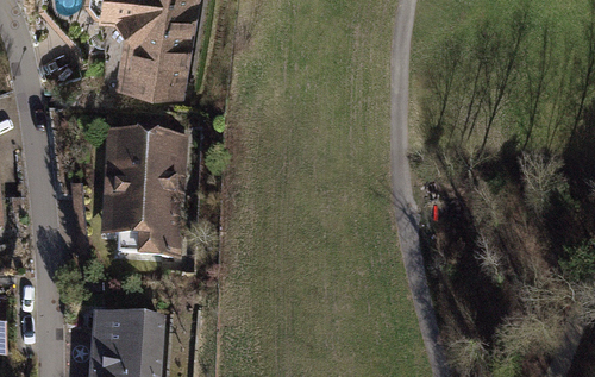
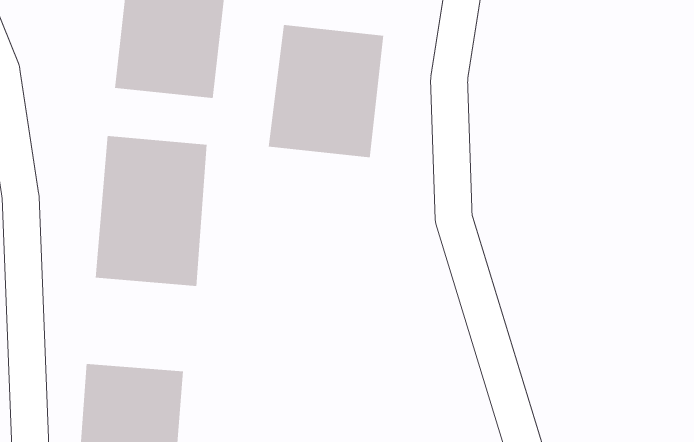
building: none -> [268,24,384,158]

